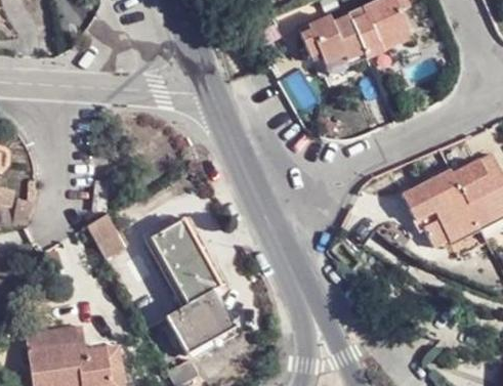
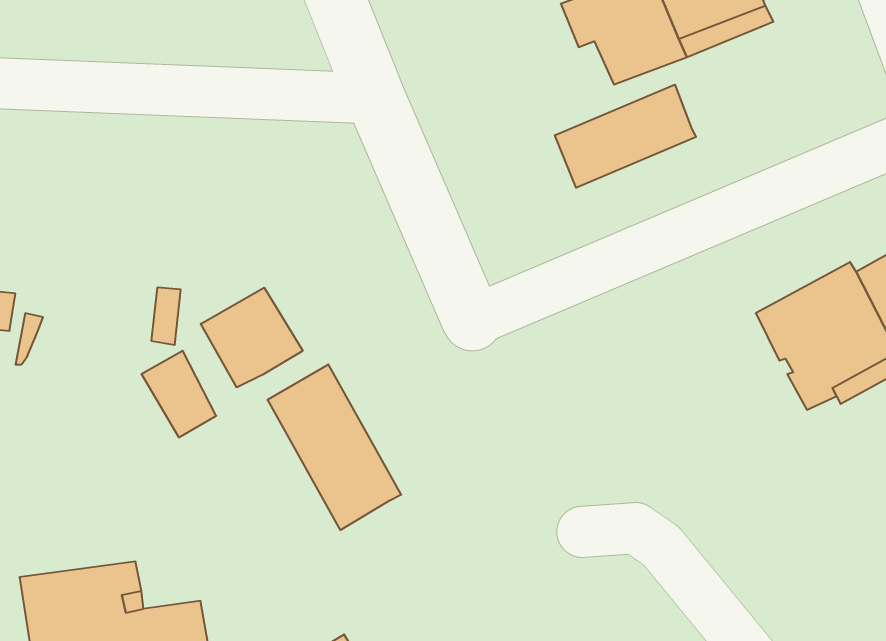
building: none -> [555,85,696,188]
building: none -> [201,288,303,387]
building: [164,292,235,357] -> none

